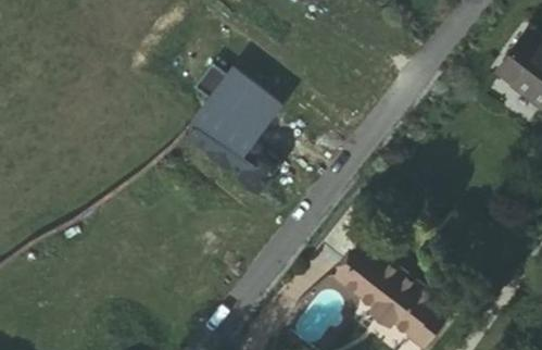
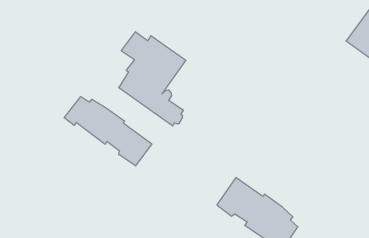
building: none -> [64,97,152,166]

